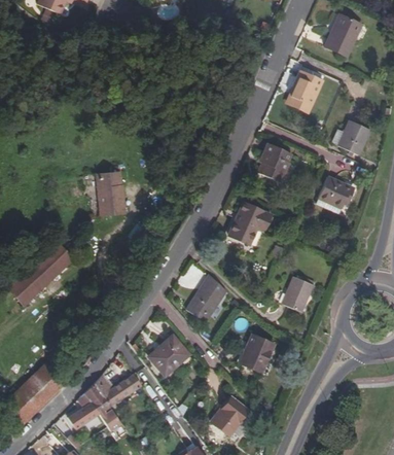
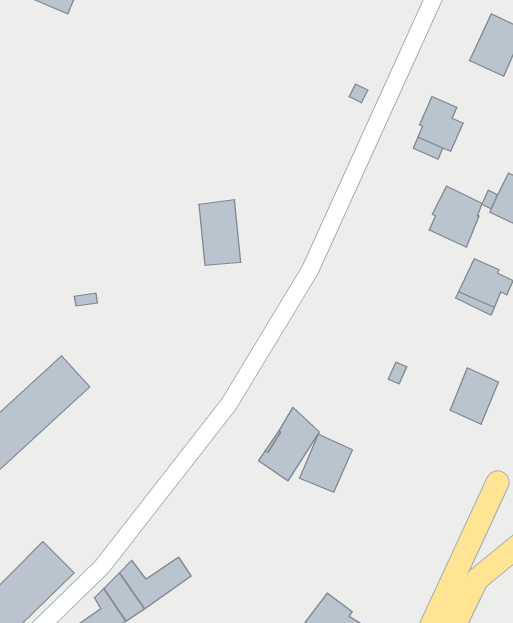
building: [257,142,292,182] -> [429,186,482,247]
building: [97,171,124,214] -> [199,200,241,265]
building: [228,202,272,244] -> none
building: [282,275,314,312] -> [450,368,499,424]
building: [240,334,275,372] -> [299,434,352,492]
building: [148,335,189,375] -> none

